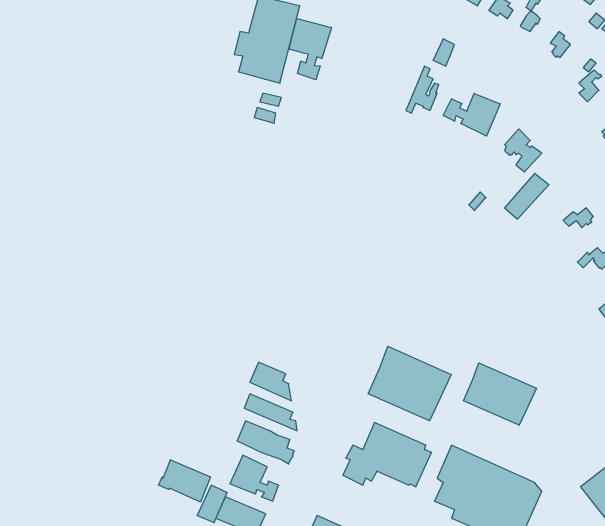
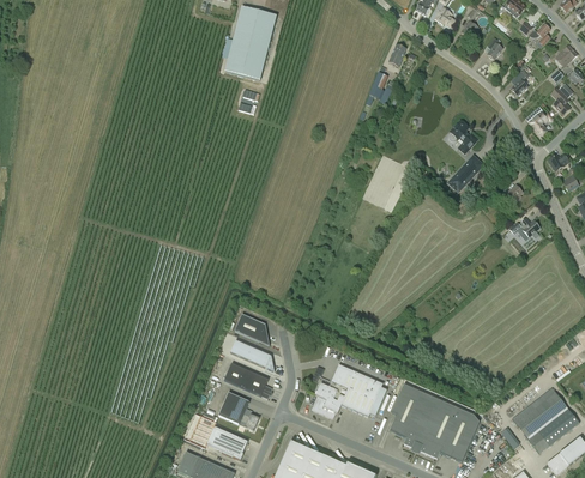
building: [289,18,332,80] -> none
building: [443,93,500,136] -> none
building: [368,346,451,421] -> none
building: [463,363,536,425] -> none
building: [159,460,210,502] -> none

